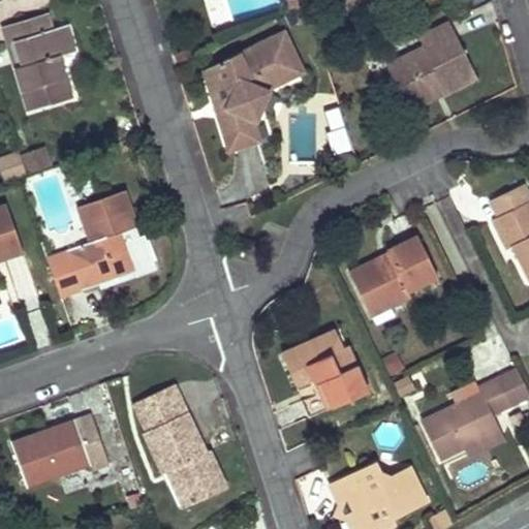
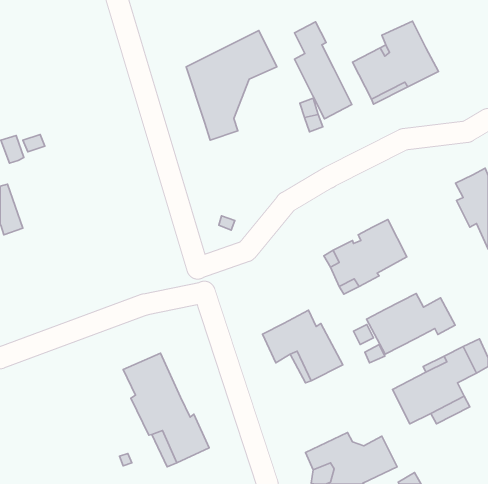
building: [4,10,72,107] -> none
building: none -> [294,22,352,119]
building: [48,188,157,291] -> none
building: none -> [367,293,455,354]
building: [12,412,110,484] -> none

